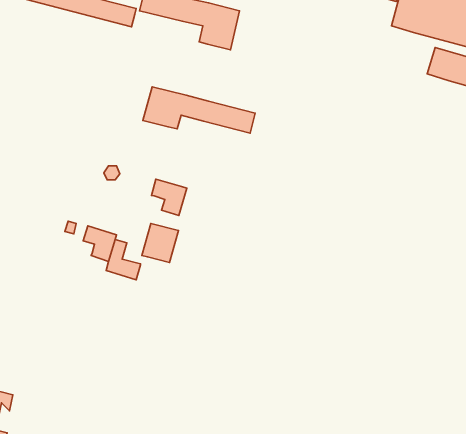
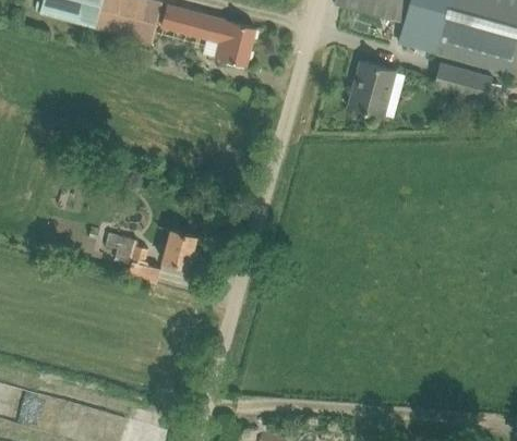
building: none -> [347,60,395,115]
building: [143,87,255,133] -> none
building: [151,179,187,215] -> none

